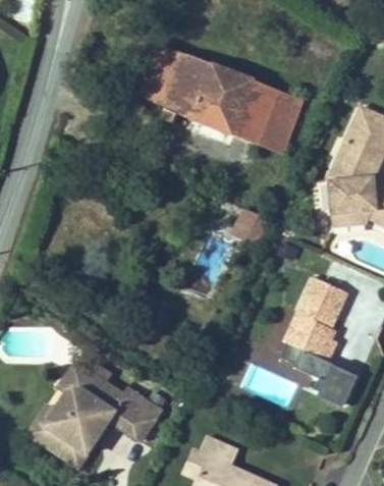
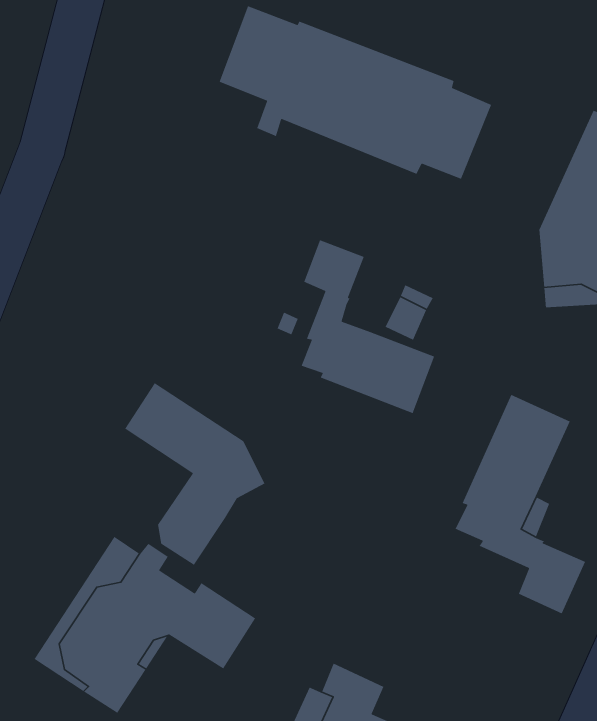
building: none -> [301,239,435,414]
building: none -> [124,382,265,566]

